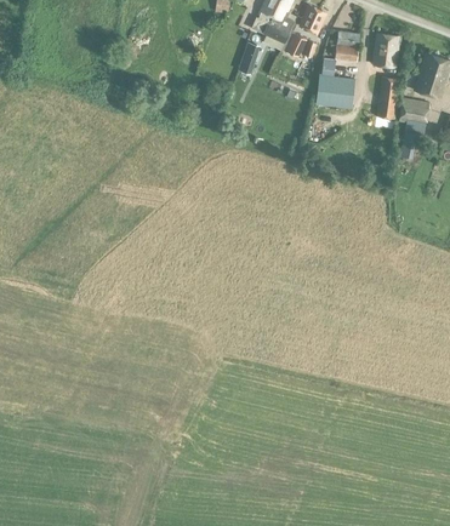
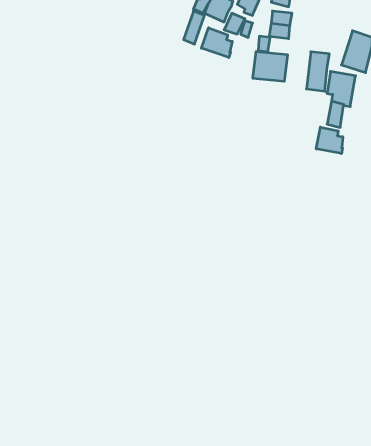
building: [372,33,400,65] -> none
building: none -> [201,28,232,58]
building: none -> [316,127,343,154]

